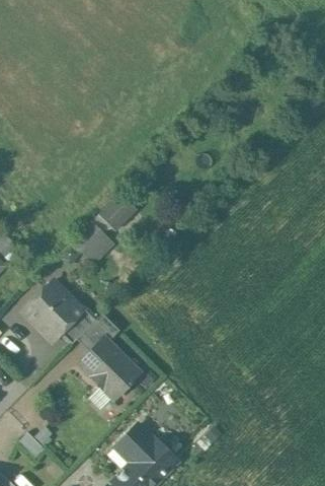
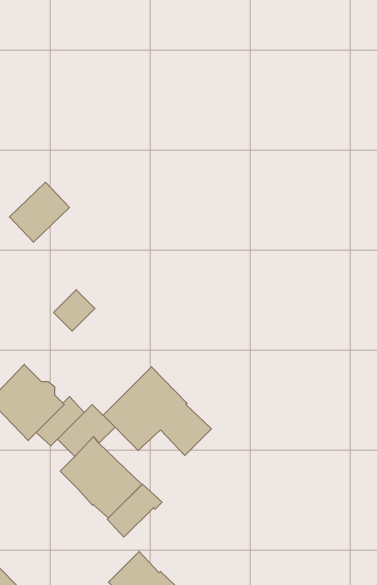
building: [93,191,139,236] -> [9,182,69,242]
building: none -> [103,367,211,455]
building: none -> [107,484,162,537]

